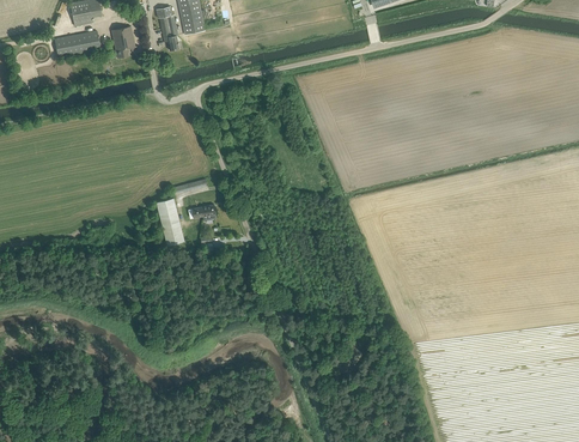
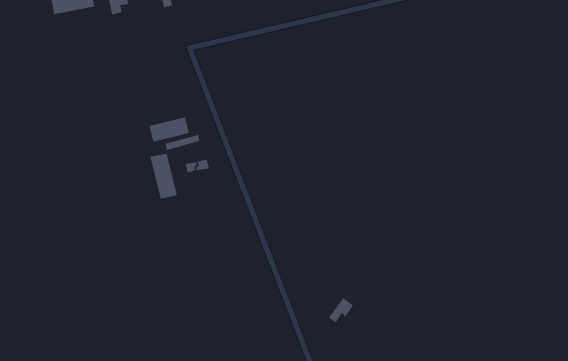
building: none -> [149,117,189,142]

